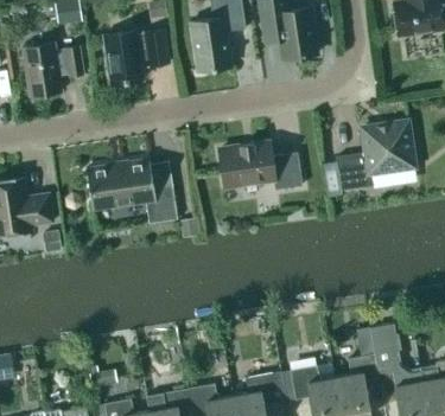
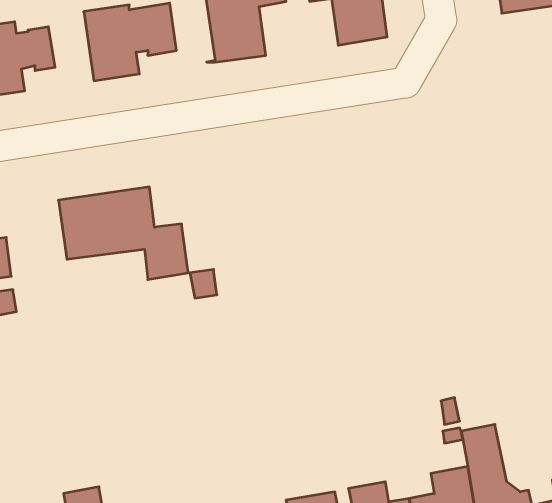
building: [336,121,417,191] -> none
building: [218,142,301,190] -> none

